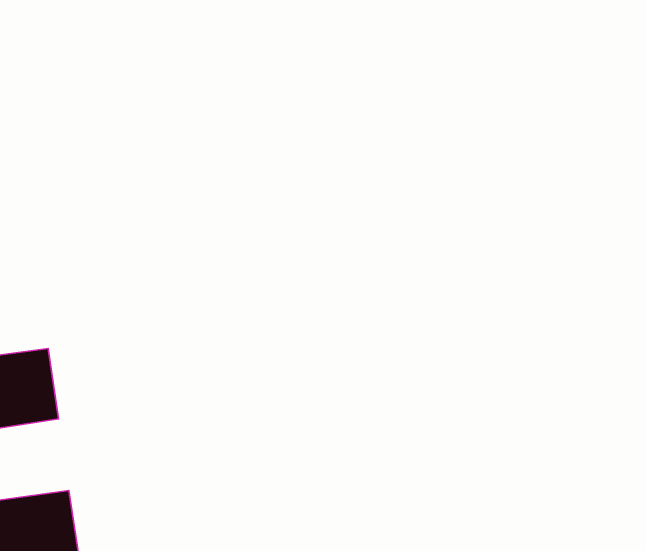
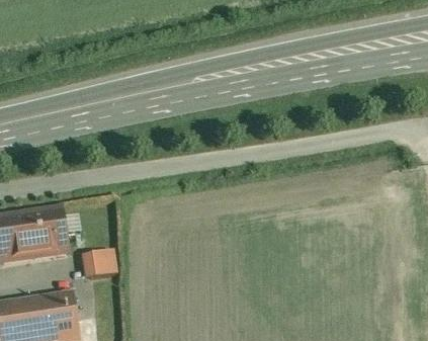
building: none -> [81,245,117,273]

